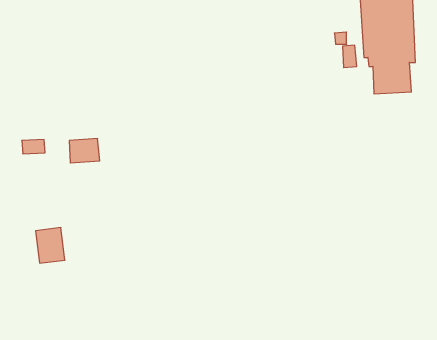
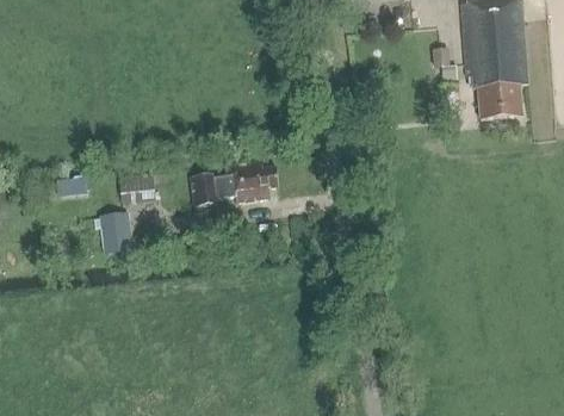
building: none -> [186,161,271,206]
building: [36,228,65,263] -> [97,212,131,254]

